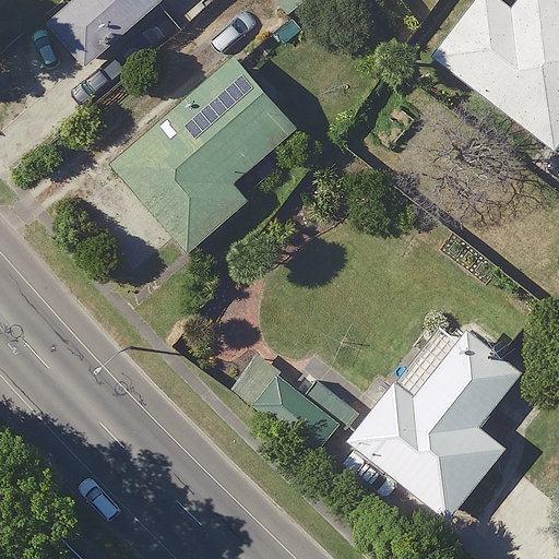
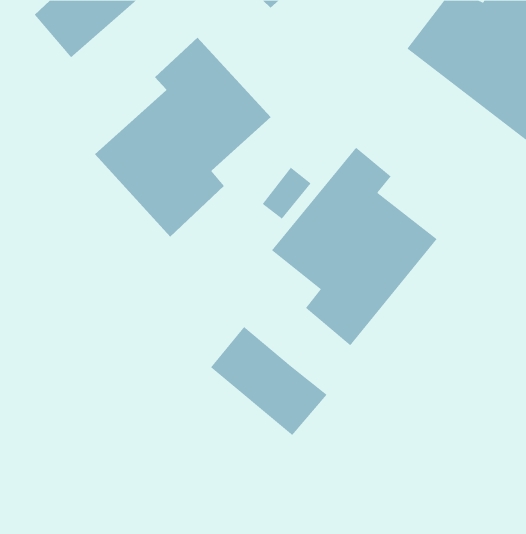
building: none -> [271,147,438,346]
building: [350,320,518,520] -> none

